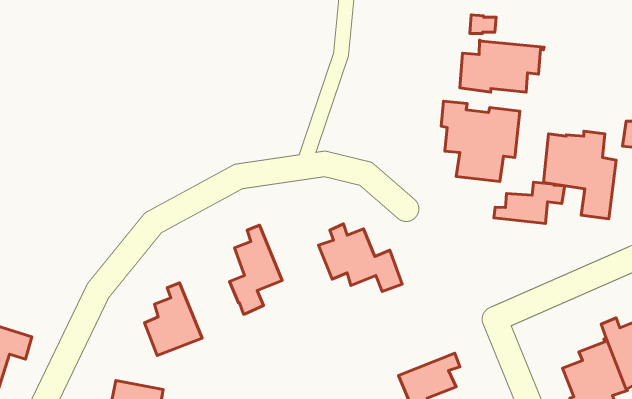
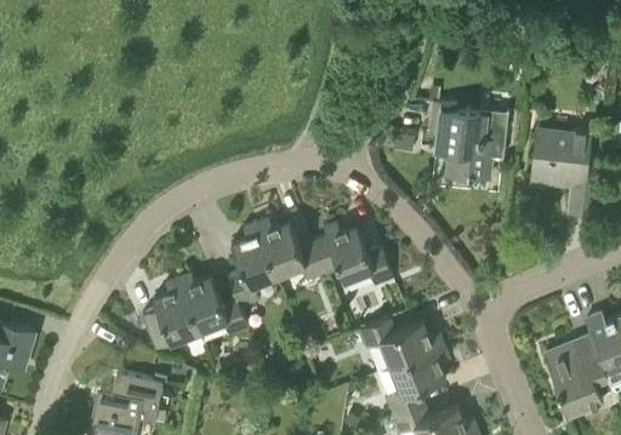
building: [460,40,544,92] -> none
building: [494,182,564,224] -> none
building: none -> [256,217,326,281]
building: none -> [178,271,250,337]
building: none -> [359,317,445,367]

